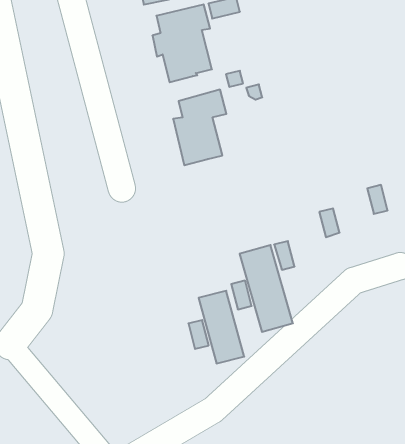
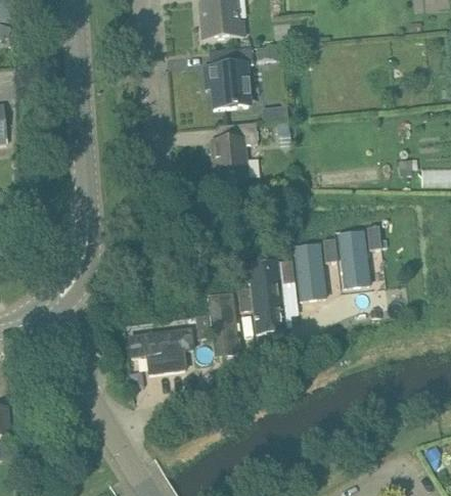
building: none -> [339,231,368,286]
building: none -> [295,244,324,300]
building: none -> [128,328,192,373]

